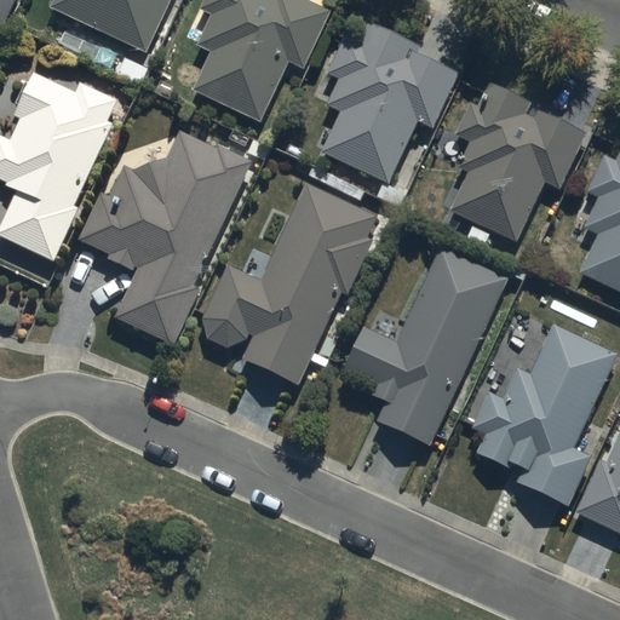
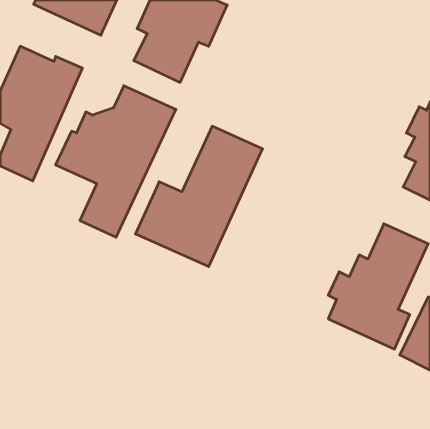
building: [321,23,460,186] -> none
building: [448,85,585,241] -> none
building: [343,247,509,446] -> none

